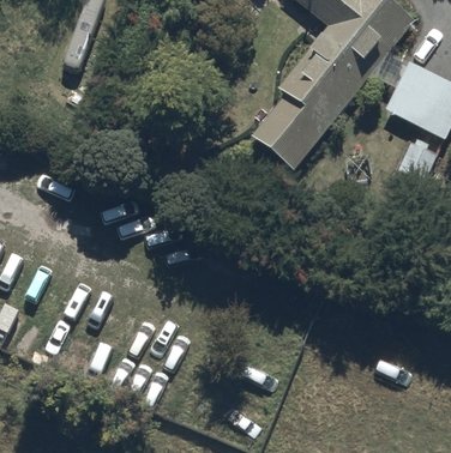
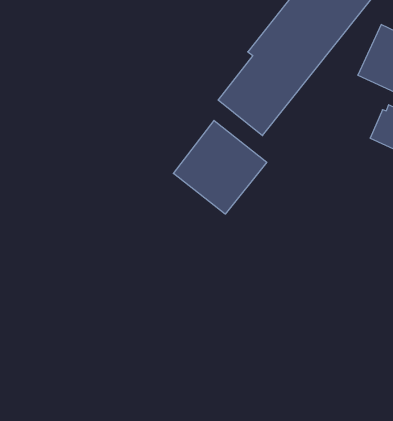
building: none -> [173,120,267,214]

